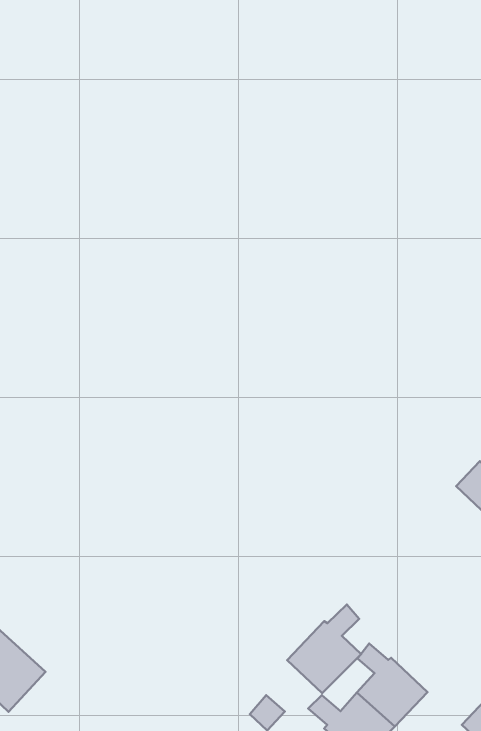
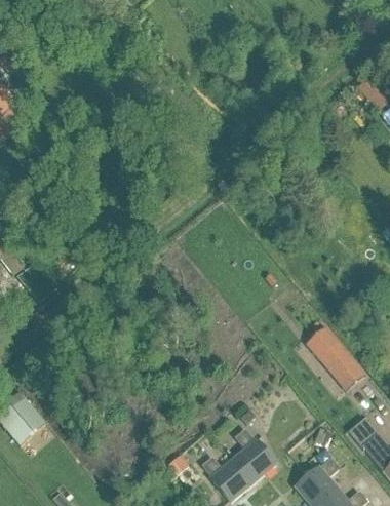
building: [287,604,361,693] -> none

